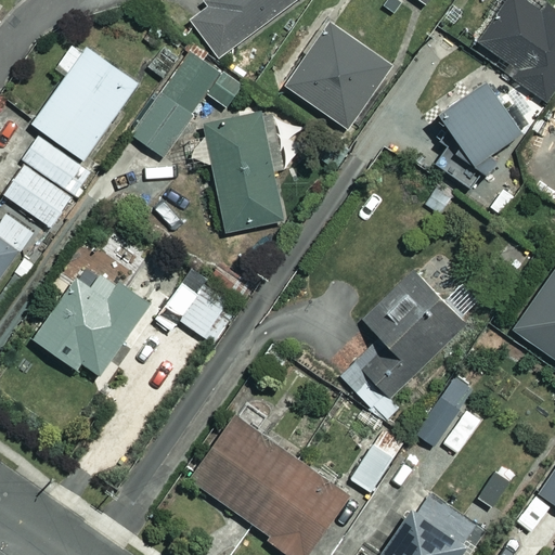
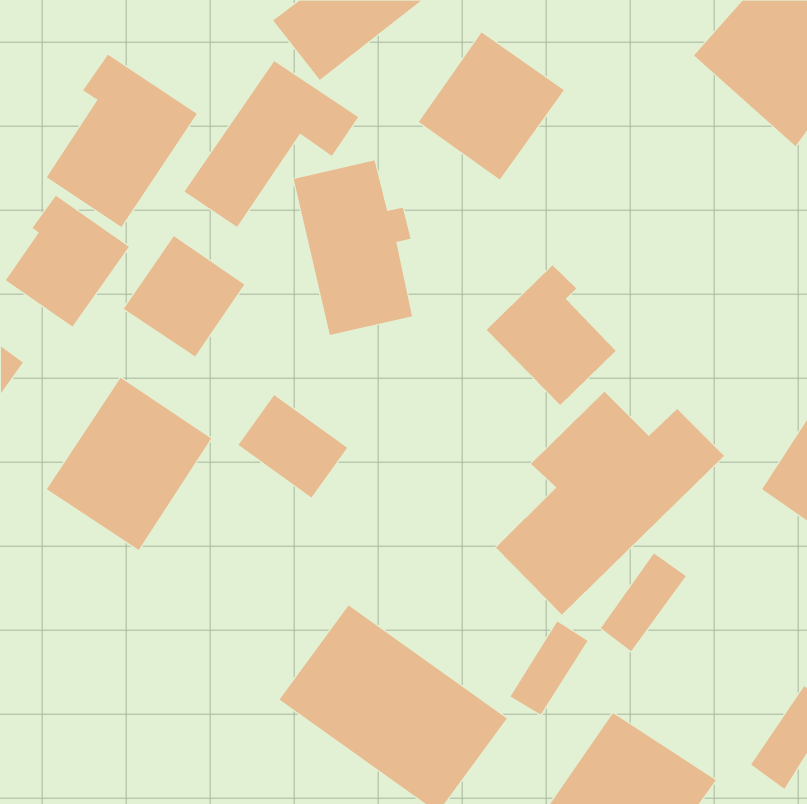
building: [437,78,520,190] -> none
building: none -> [123,235,245,358]
building: none -> [486,265,616,406]

